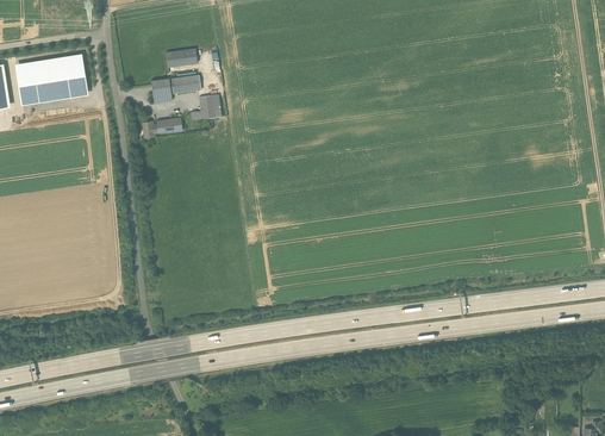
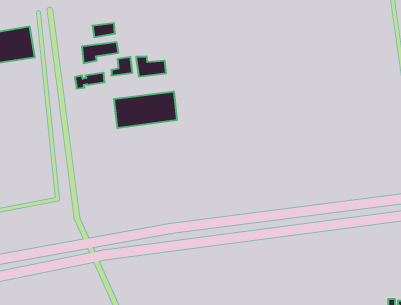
building: none -> [136,56,166,77]
building: none -> [114,91,177,128]

